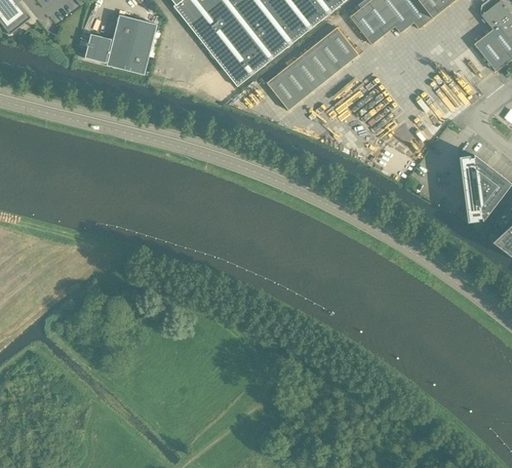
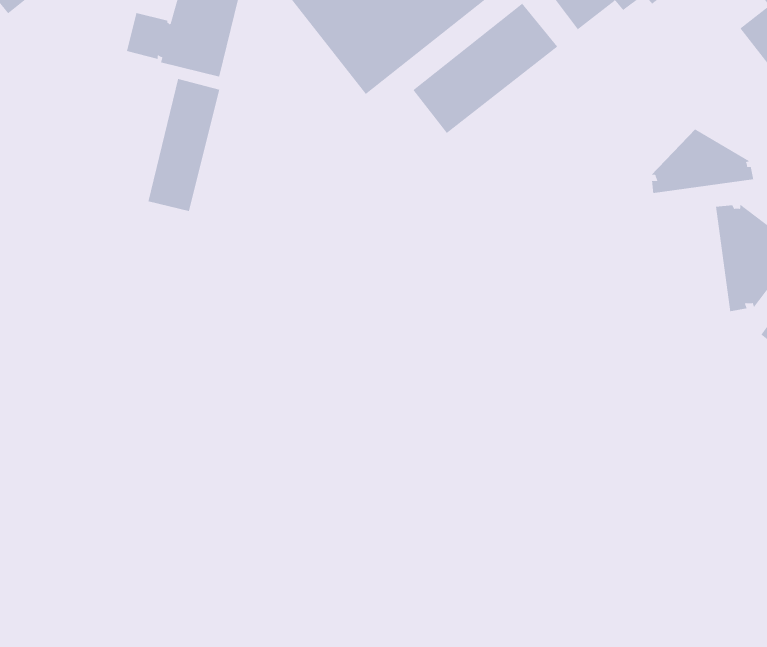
building: none -> [148,78,220,212]
building: none -> [650,129,754,194]

